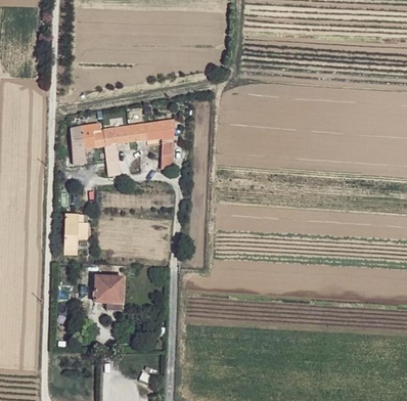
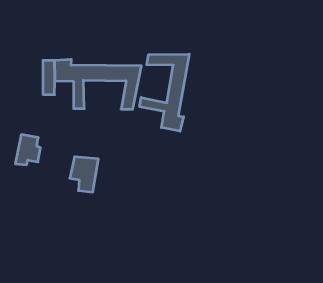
building: none -> [140,54,189,131]
building: [95,273,122,310] -> [70,157,98,192]

